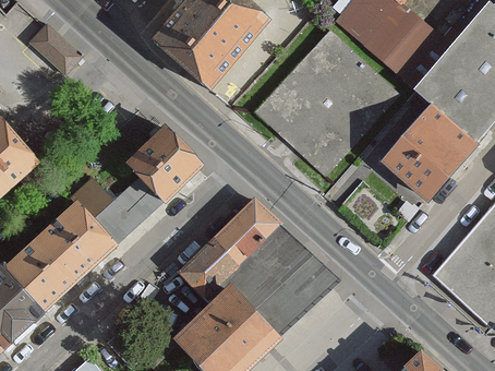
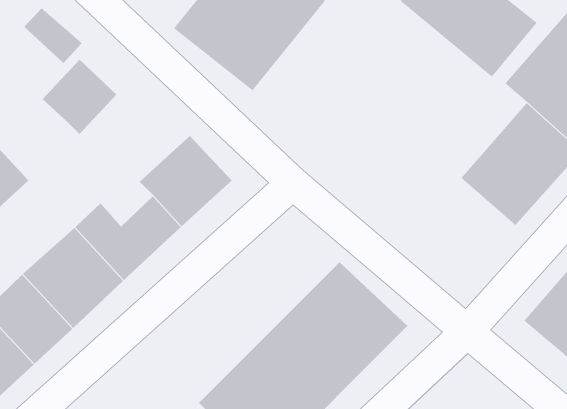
building: [255,31,405,180] -> none
building: none -> [42,59,117,135]
building: [177,198,285,304] -> none

